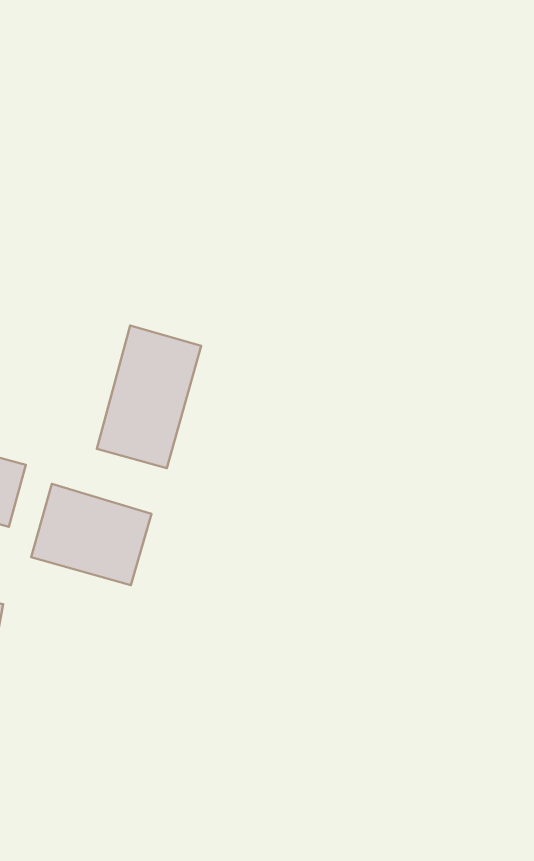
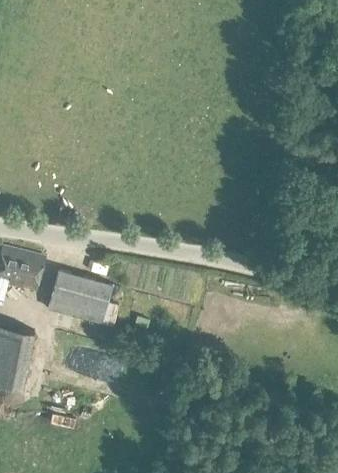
building: [97,325,201,468] -> none

